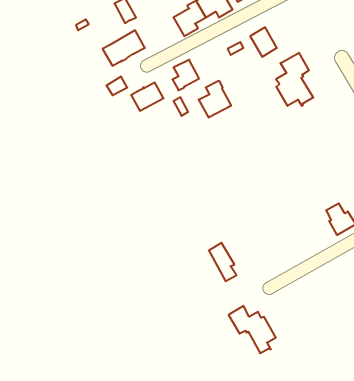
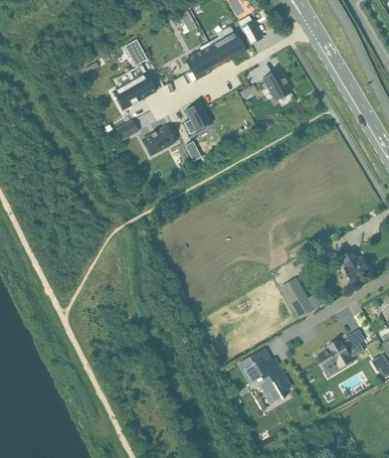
building: [276,53,313,106] -> none
building: [199,81,231,118] -> none
building: [209,243,236,281] -> [282,277,311,316]
building: none -> [317,337,365,369]

